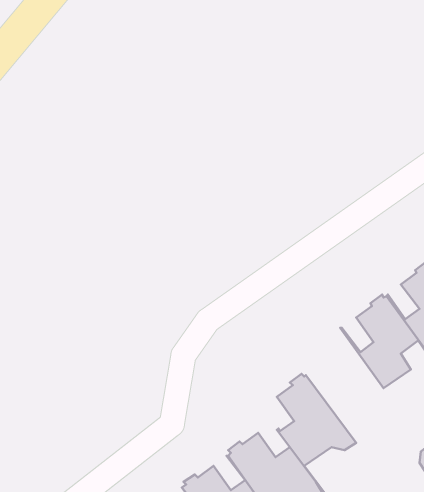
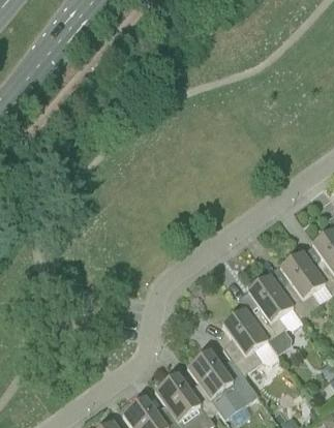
building: none -> [244,272,303,358]

